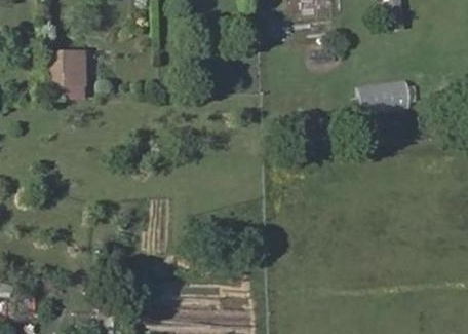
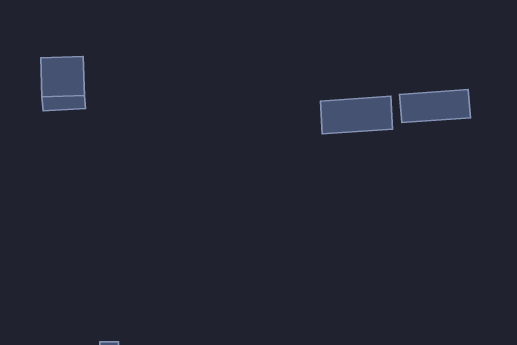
building: none -> [320,96,393,134]

